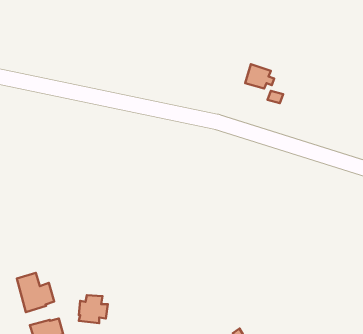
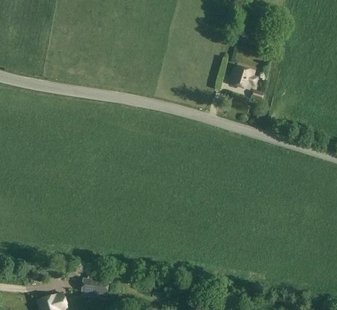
building: [17,273,54,312] -> none

